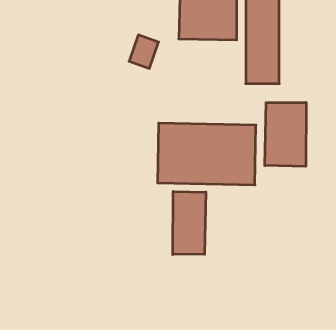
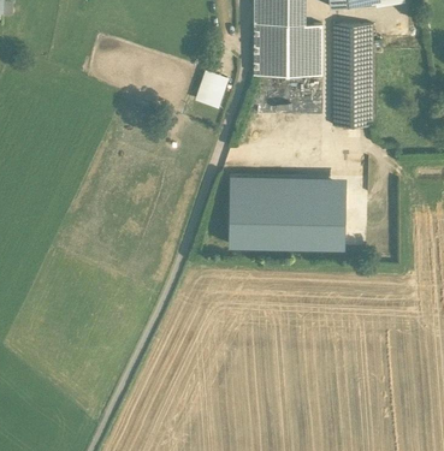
building: [265,102,306,166] -> none
building: [173,191,206,255] -> none

